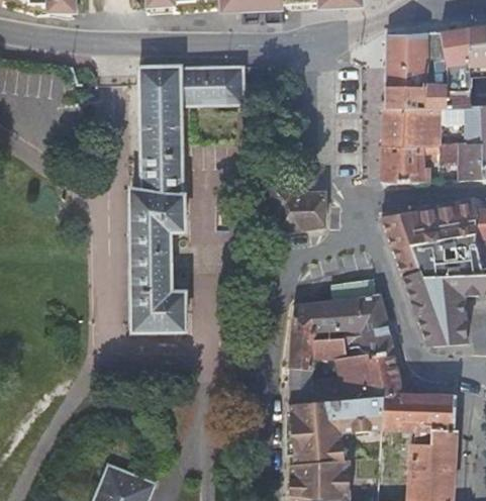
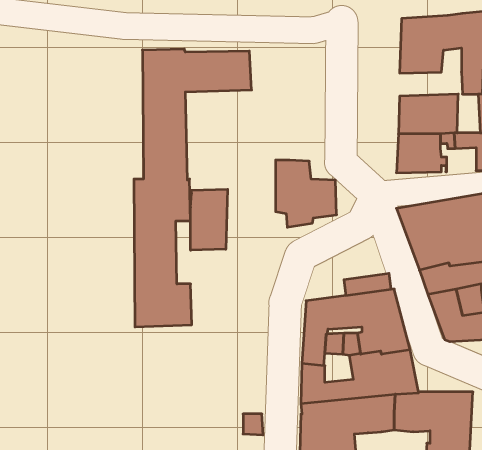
building: [386,86,447,109] -> none
building: none -> [191,189,228,250]

